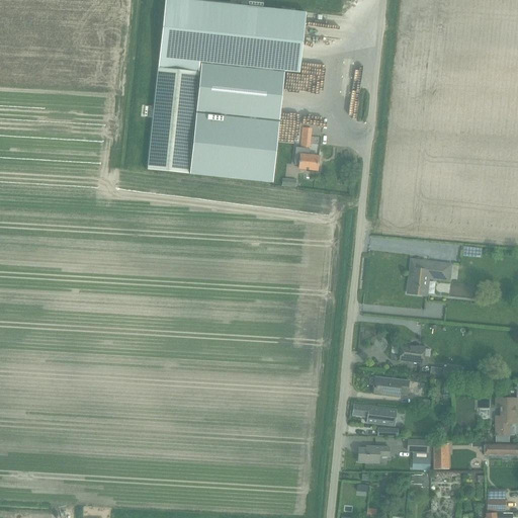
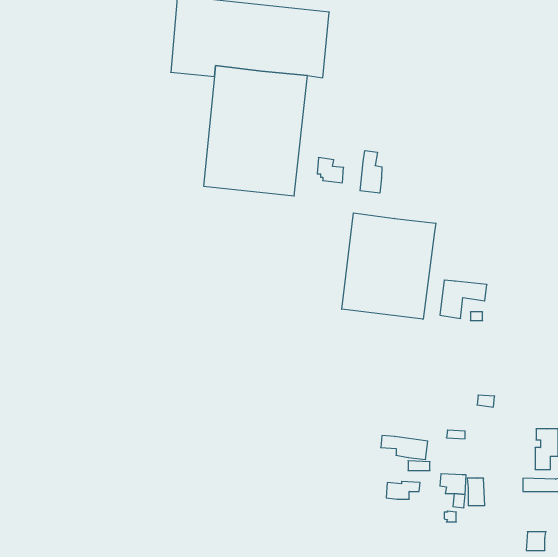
building: [149,67,199,172] -> none
building: none -> [360,151,382,193]
building: none -> [342,213,436,319]
building: [400,343,425,362] -> none
building: [374,376,409,396] -> none

